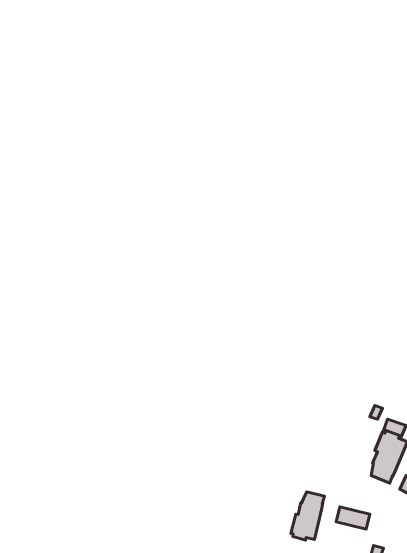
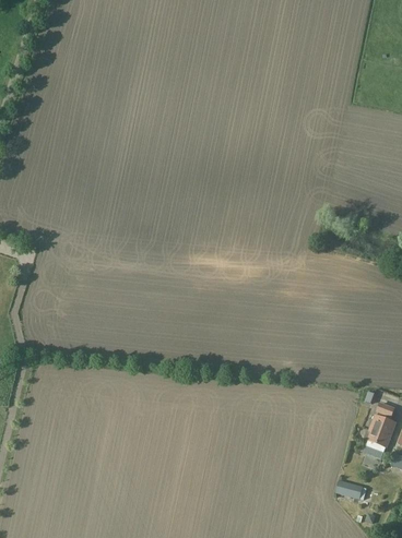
building: [291,492,324,540] -> none

